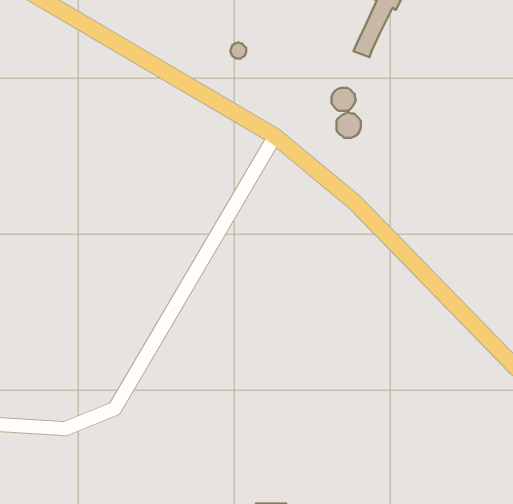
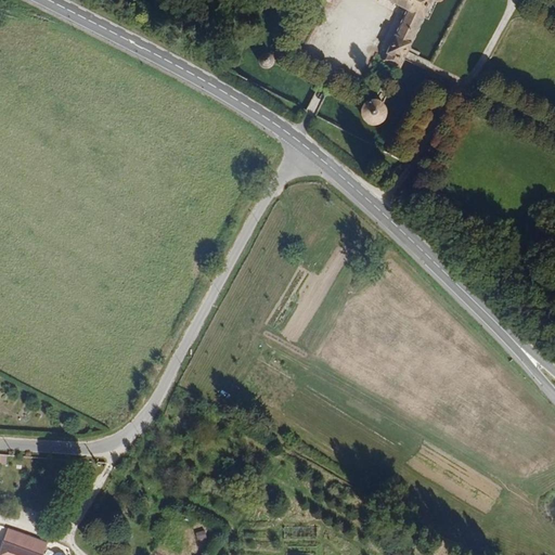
building: [336,112,361,138] -> none

